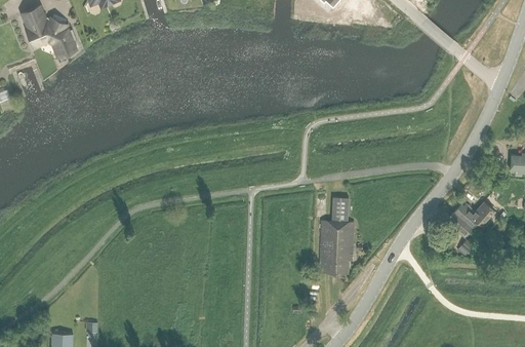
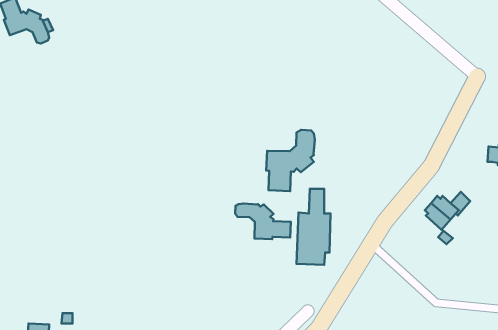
building: none -> [266,130,315,191]
building: none -> [235,203,291,239]

